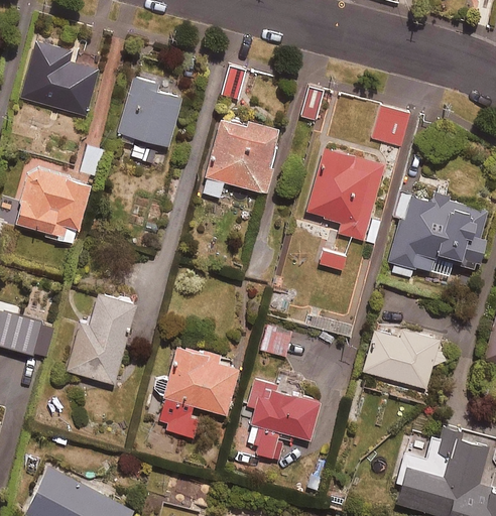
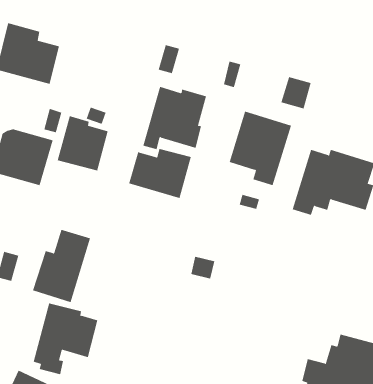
building: [118,78,181,146] -> [57,116,108,171]
building: none -> [129,148,191,199]
building: [363,322,444,388] -> none
building: [158,348,239,436] -> [33,303,98,375]
building: [247,376,321,460] -> none

